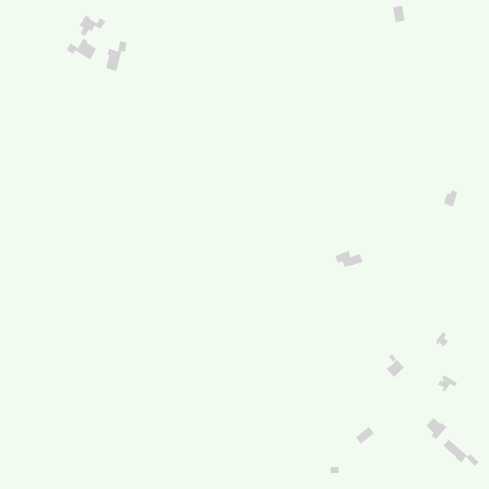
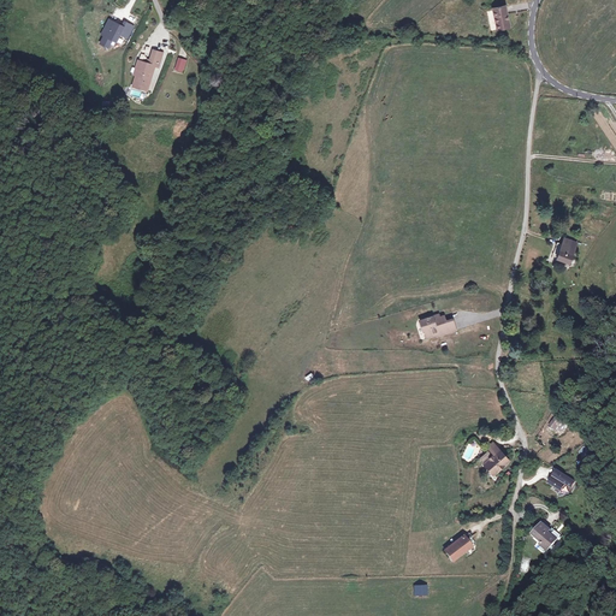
building: [66,38,97,60] -> none
building: [443,439,479,467] -> none

